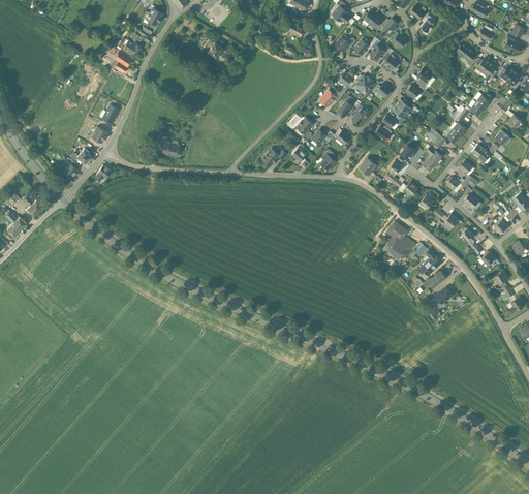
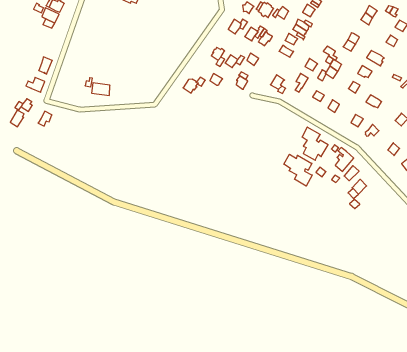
building: none -> [284,154,312,186]

